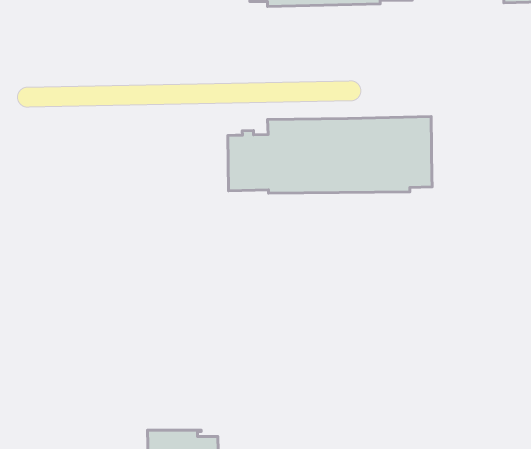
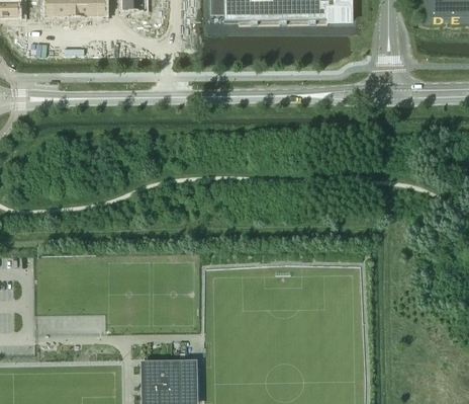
building: [228,117,432,193] -> none

